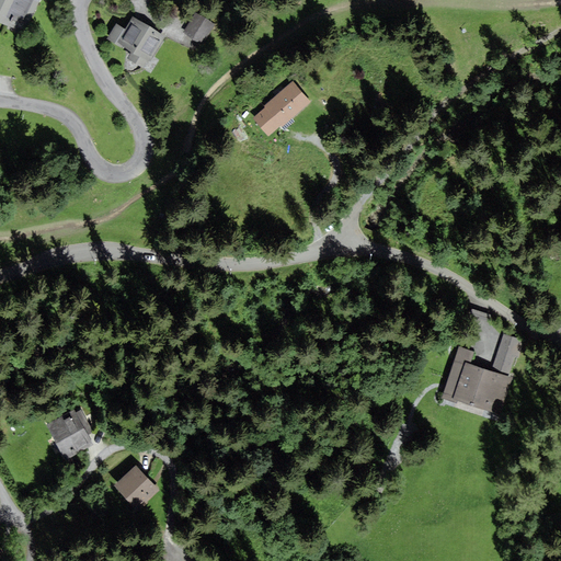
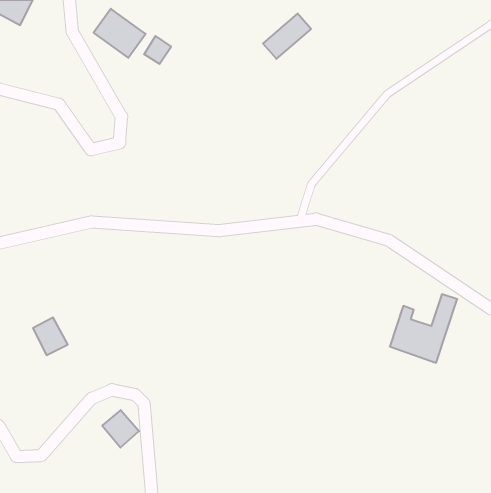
building: [182,12,213,44] -> [144,36,171,64]
building: [252,83,307,135] -> [263,14,311,59]
building: [49,412,89,455] -> [33,318,68,355]

